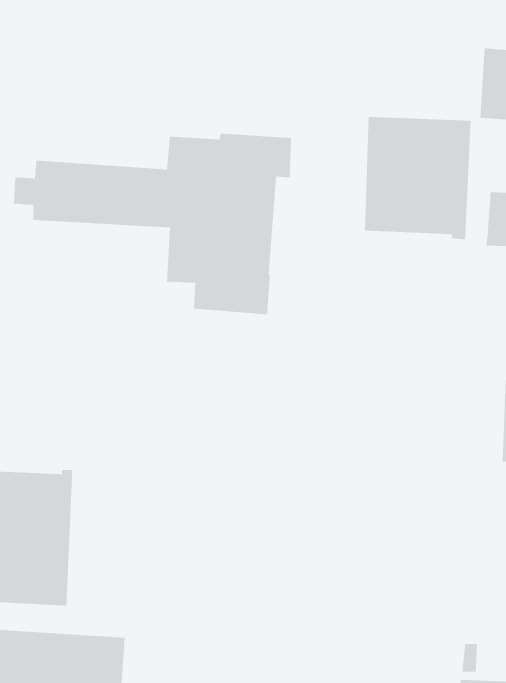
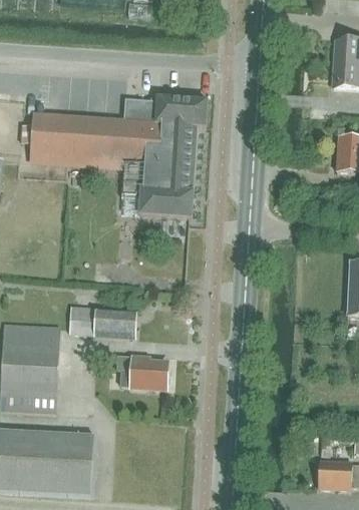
building: [365,116,471,240] -> none
building: none -> [70,306,136,339]
building: none -> [117,357,168,389]

